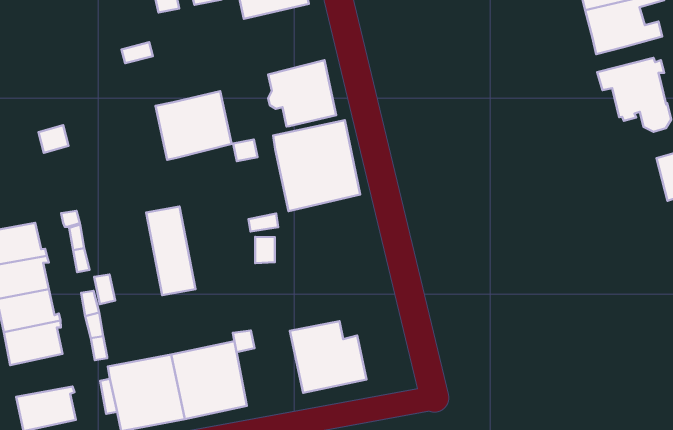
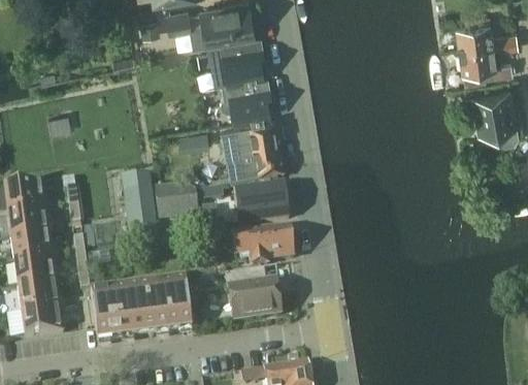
building: [156,91,233,160] -> [207,37,263,86]
building: none -> [234,186,289,227]
building: none -> [155,188,198,221]
building: none -> [232,229,294,269]
building: none -> [18,283,63,313]

